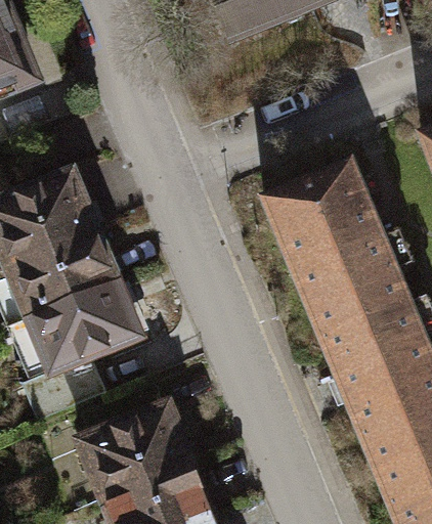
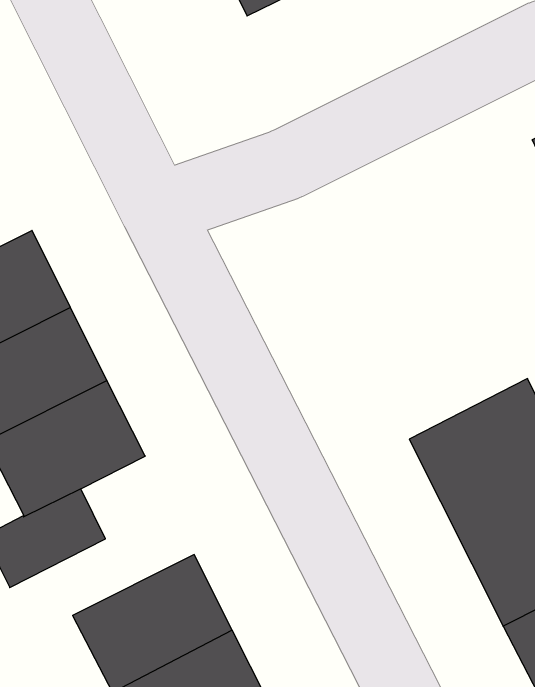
building: [265,162,406,334] -> none

